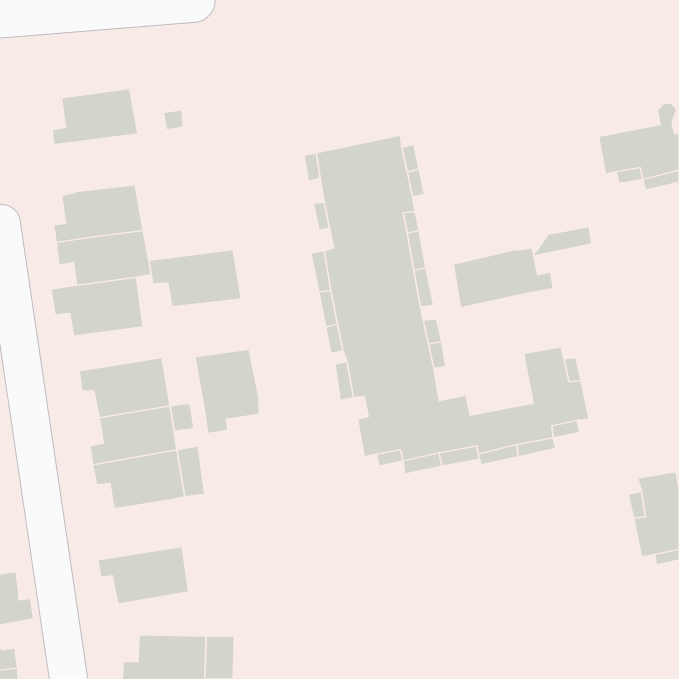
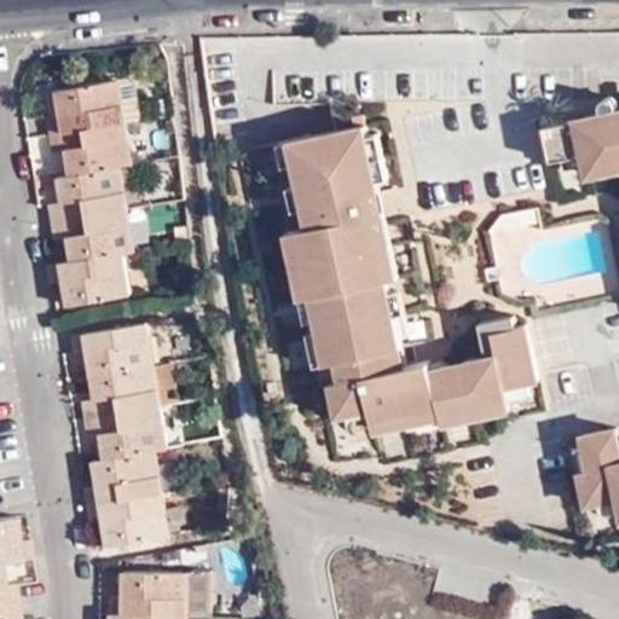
building: [453,248,554,308] -> none
building: [149,249,241,307] -> [48,126,132,178]
building: [195,349,260,433] -> none
building: none -> [86,456,164,510]

